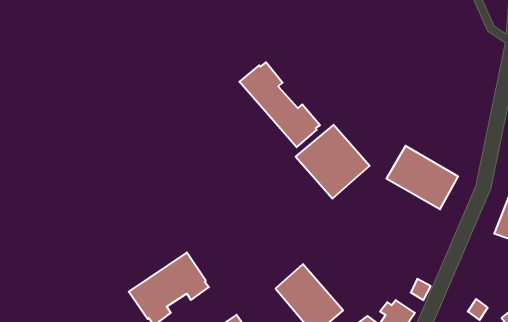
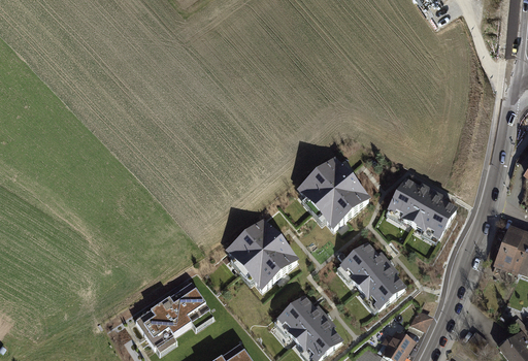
building: [239,62,320,147] -> none
building: none -> [226,218,299,291]
building: none -> [340,240,406,309]

